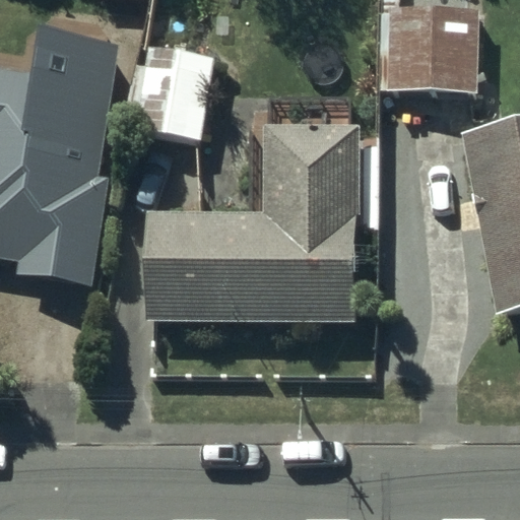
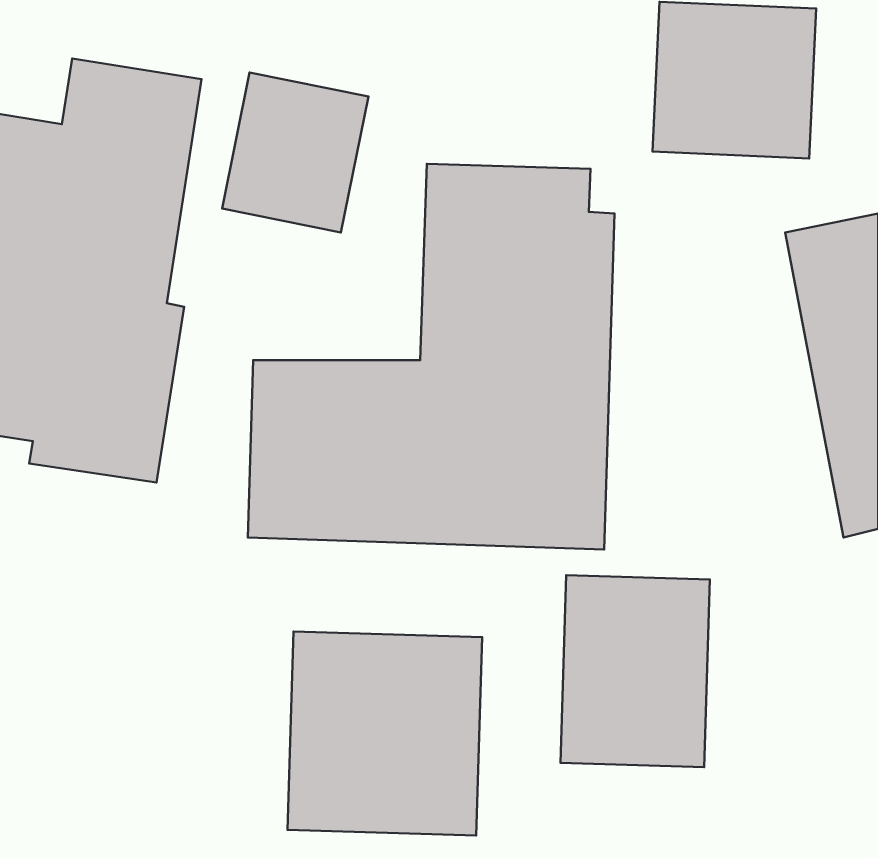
building: none -> [561,575,710,767]
building: none -> [288,632,482,835]

